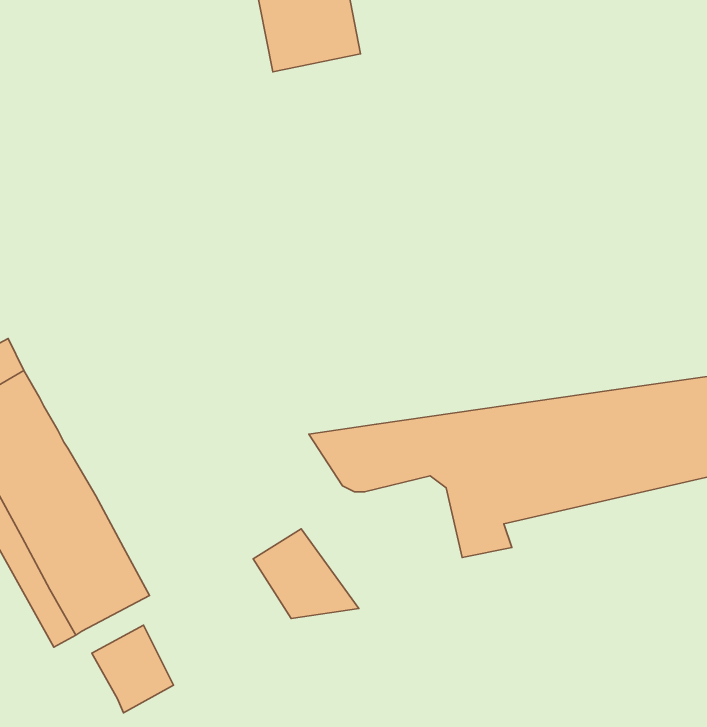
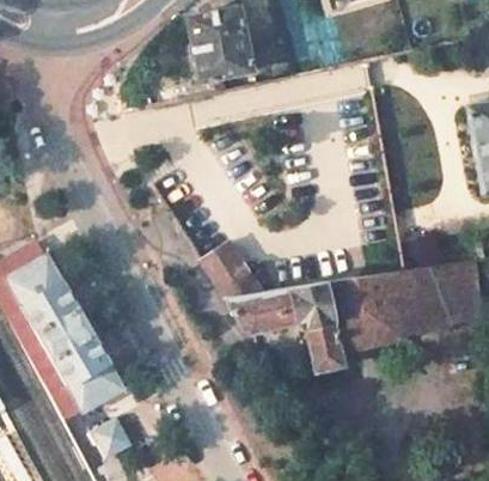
building: [253,529,359,619] -> [201,244,264,298]

